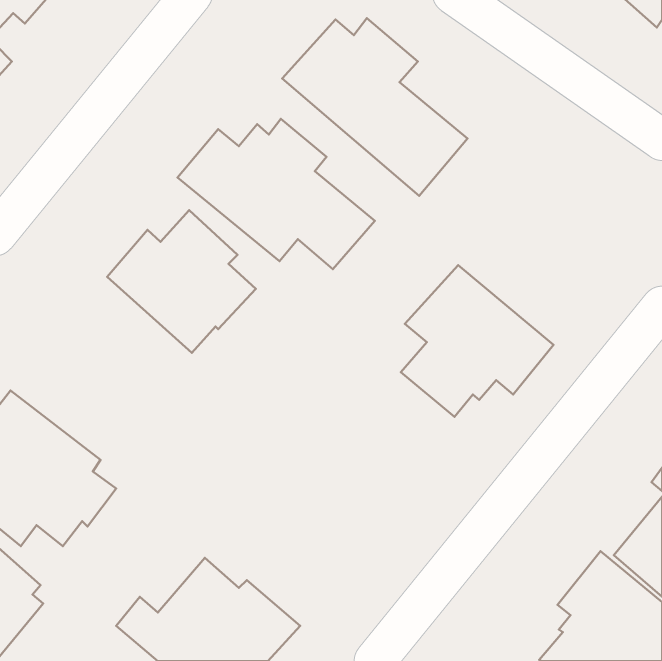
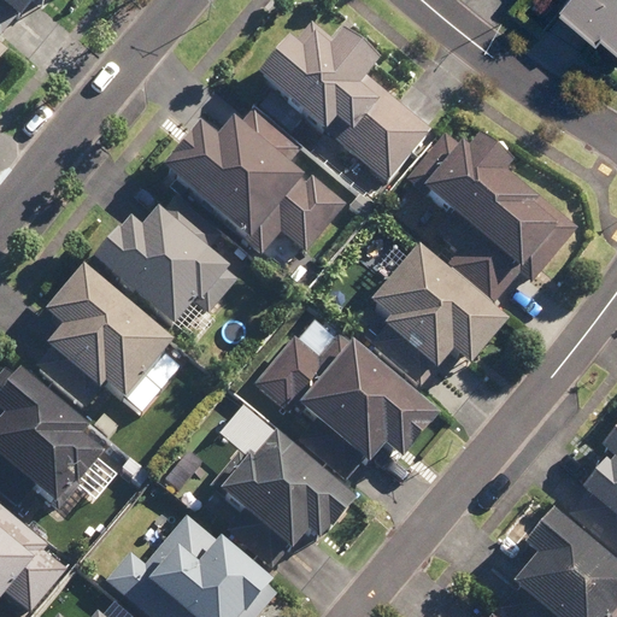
building: none -> [405,128,564,299]
building: none -> [34,266,178,407]
building: none -> [251,315,443,478]
building: none -> [207,429,358,566]

